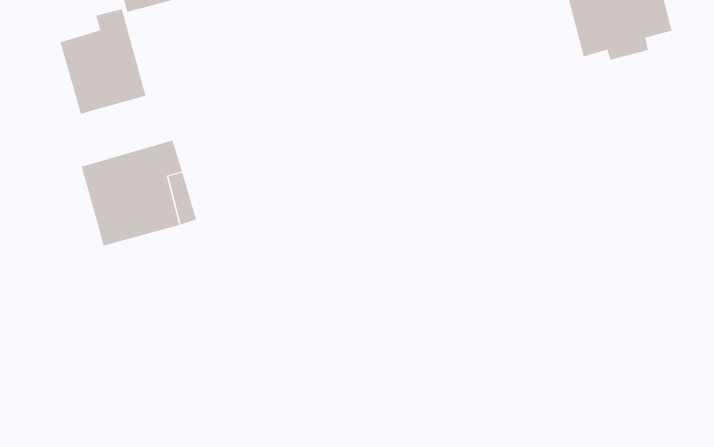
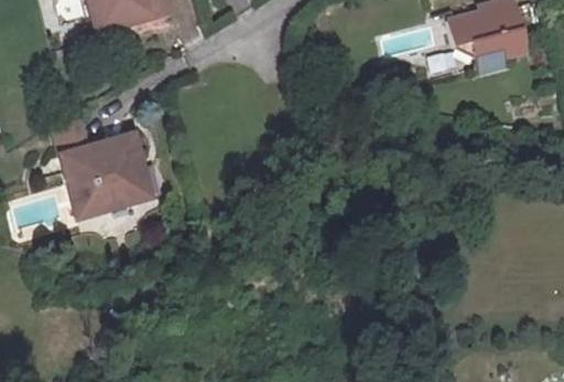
building: [60,8,146,114] -> none

